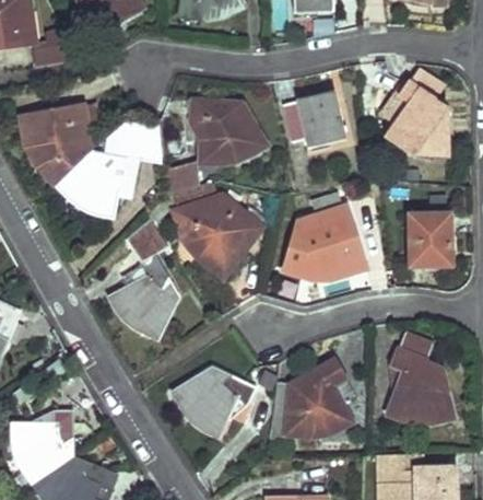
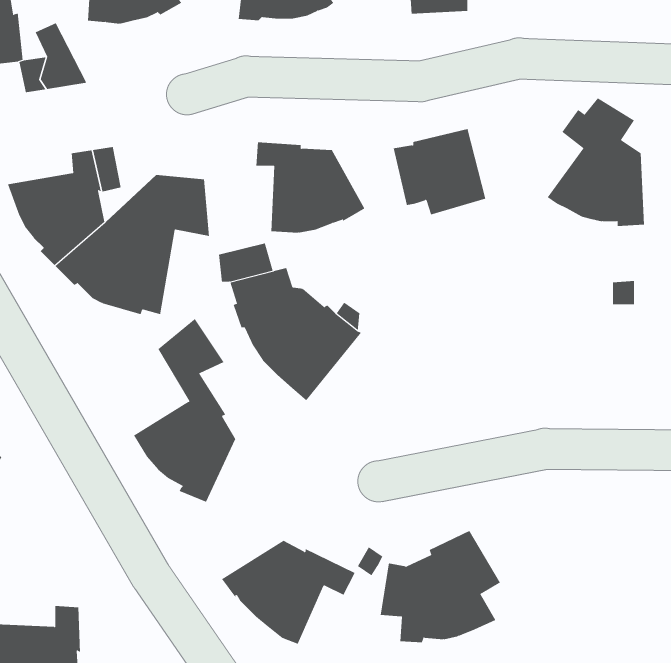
building: [286,191,364,275] -> none
building: [410,216,448,265] -> none
building: [388,332,453,420] -> none

